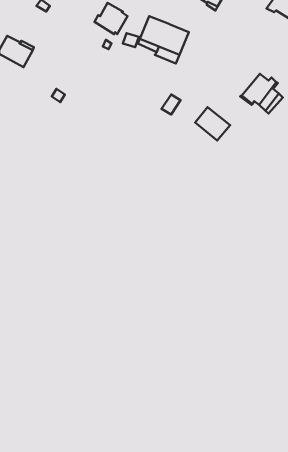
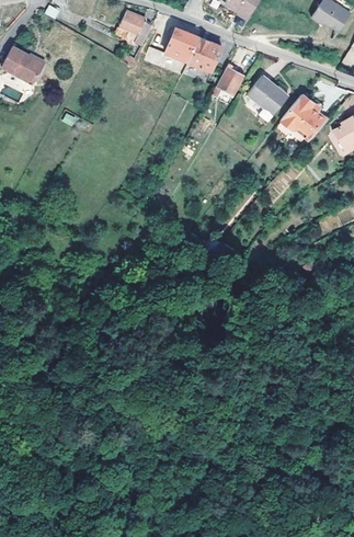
building: none -> [210,66,243,95]
building: [195,107,230,140] -> [248,76,288,114]

